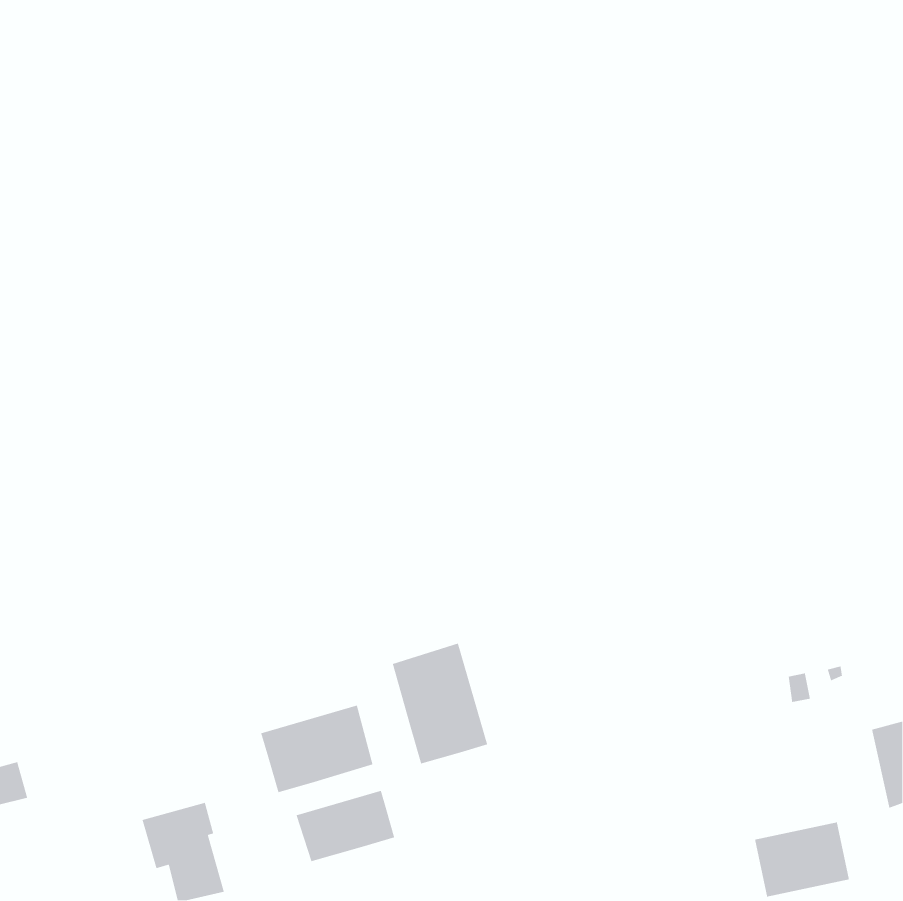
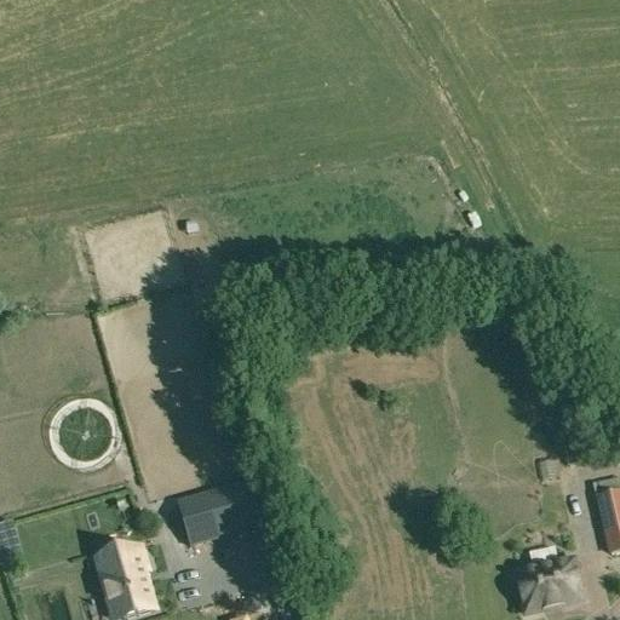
building: [392,642,488,764] -> none
building: [296,790,395,862] -> none

